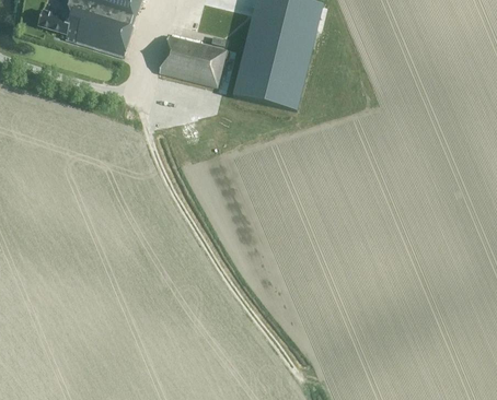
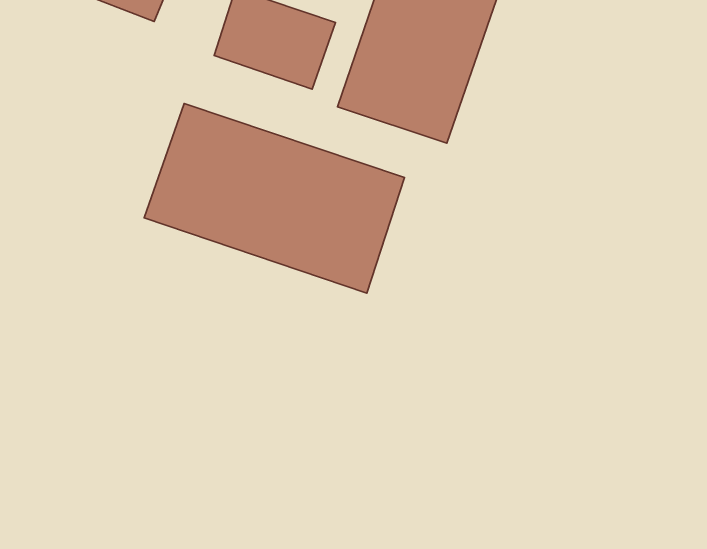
building: none -> [144,103,405,293]

